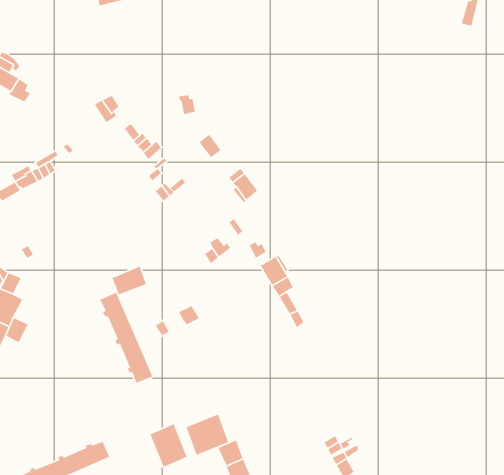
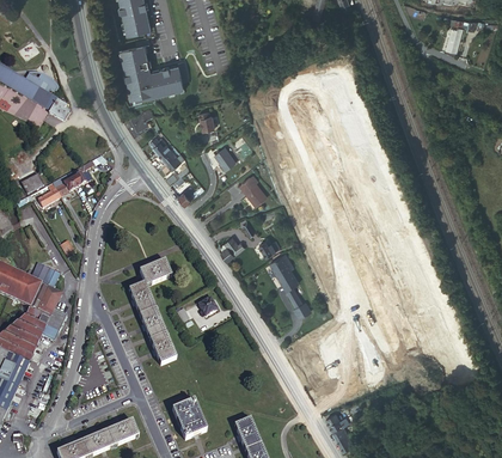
building: none -> [123,45,189,100]
building: [185,414,229,456] -> none

